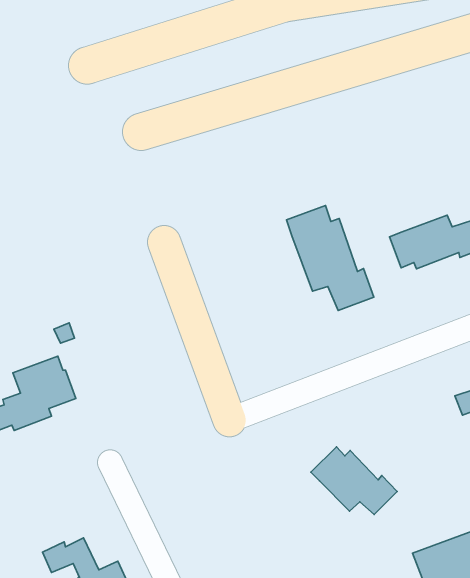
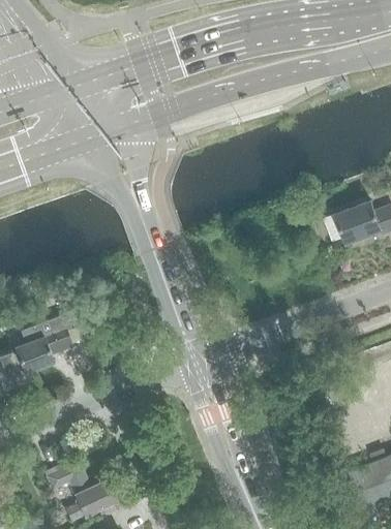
building: [286,205,374,311] -> none
building: [311,447,397,515] -> none

